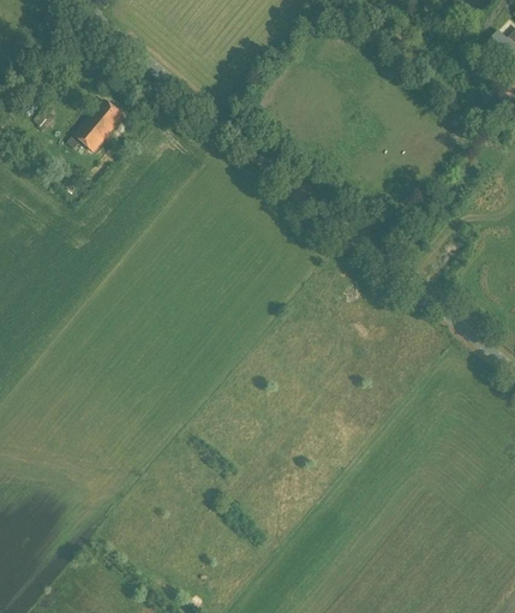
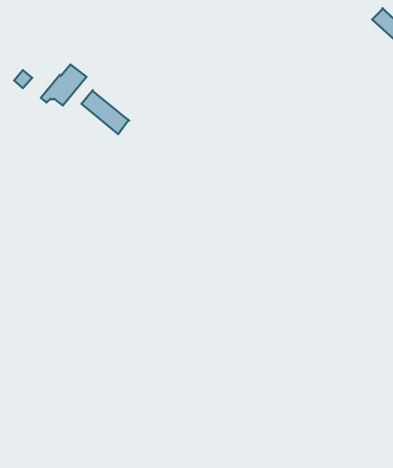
building: none -> [82,90,129,134]

